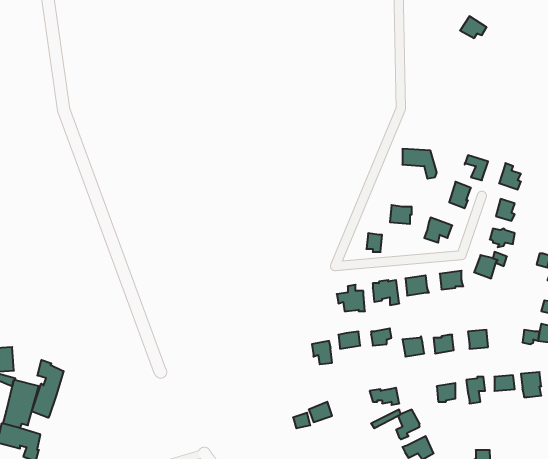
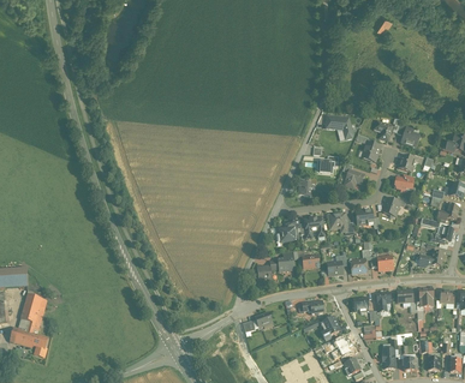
building: [32,360,64,418] -> none

